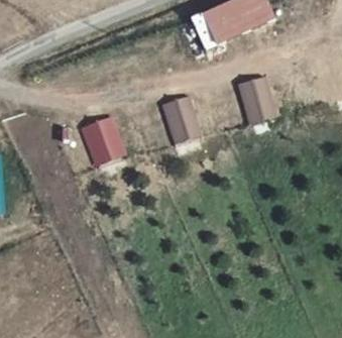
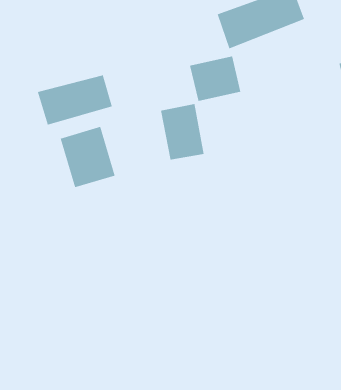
building: none -> [37,74,112,126]
building: [236,83,279,121] -> [189,56,241,102]

